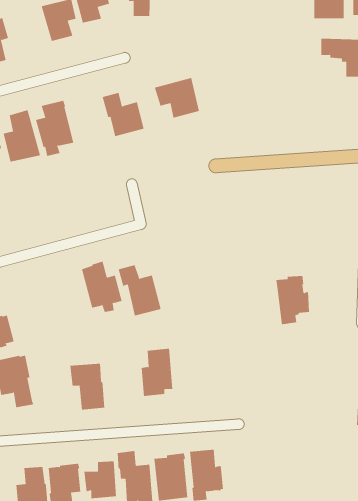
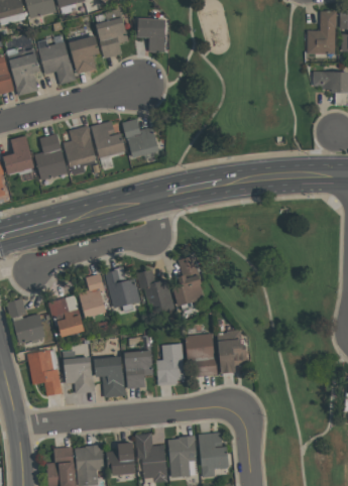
building: none -> [38,41,77,85]
building: [154,77,200,118] -> none
building: none -> [92,120,126,157]
building: none -> [172,255,204,306]
building: none -> [79,273,106,318]
building: [275,275,310,325] -> [217,330,247,373]
building: none -> [48,294,85,337]
building: none -> [185,333,217,376]
building: none -> [124,350,153,388]
building: none -> [64,356,94,393]

